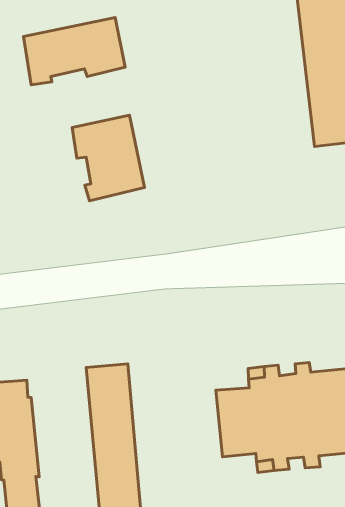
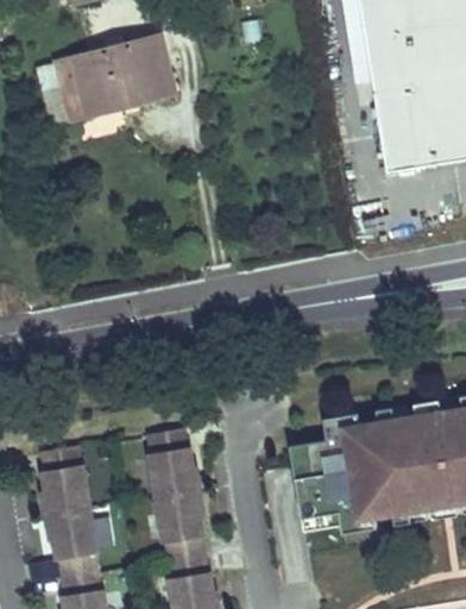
building: [72,115,144,201] -> none

